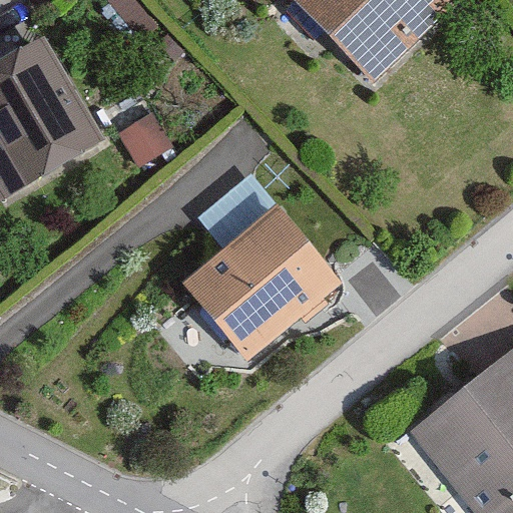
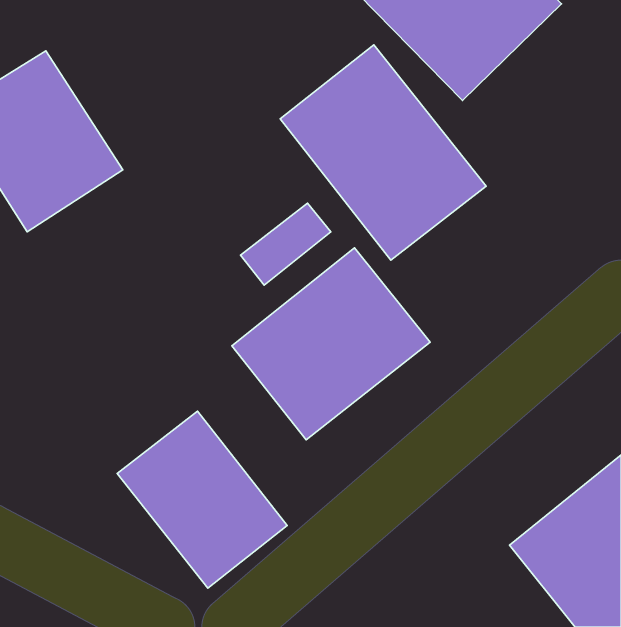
building: none -> [280,45,486,260]
building: none -> [117,411,287,588]

